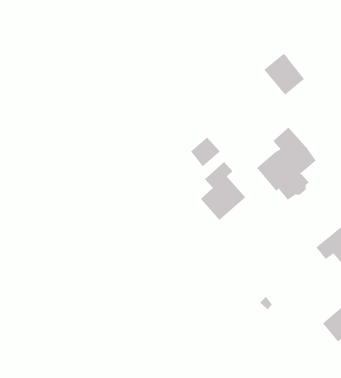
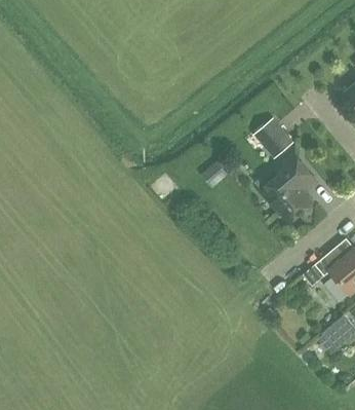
building: [264,53,305,96] -> [253,119,291,158]
building: [200,161,246,221] -> none

